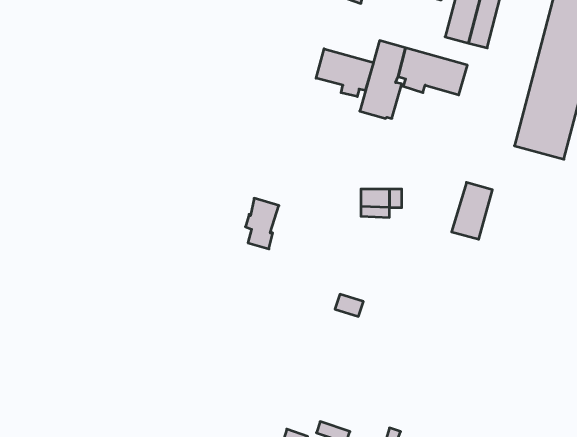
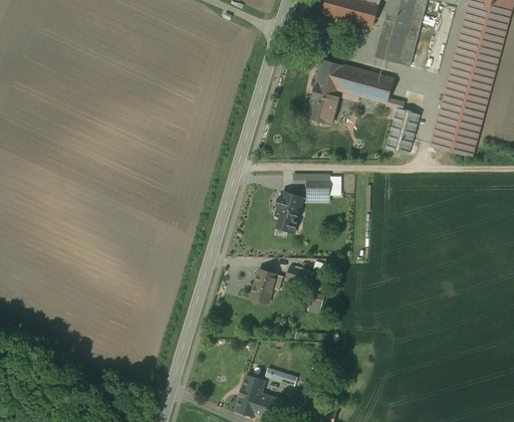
building: [316,49,373,97] -> none
building: [452,182,492,239] -> [387,107,420,153]
building: [245,198,279,249] -> [276,190,303,231]
building: none -> [252,267,277,296]

